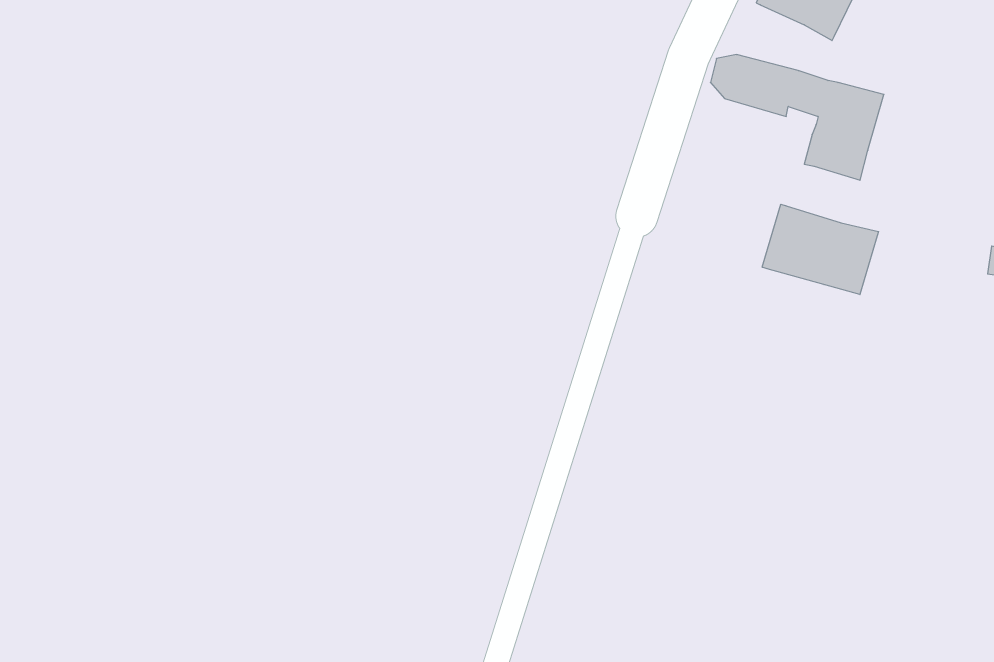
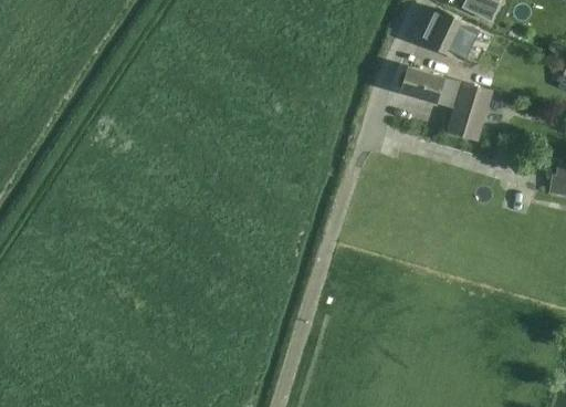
building: [762,204,879,295] -> none

